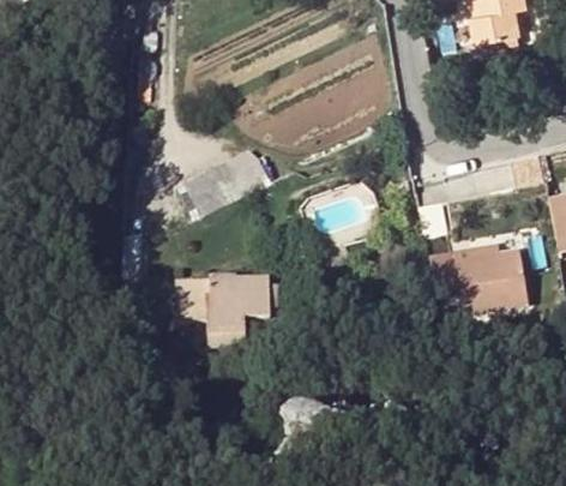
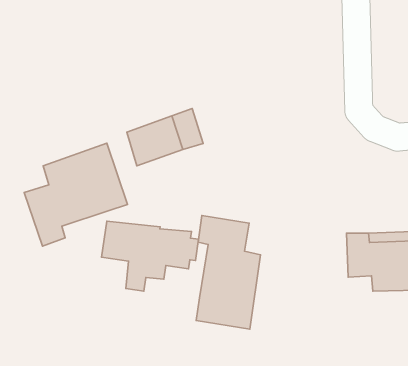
building: none -> [24,143,128,246]
building: none -> [196,215,261,329]

